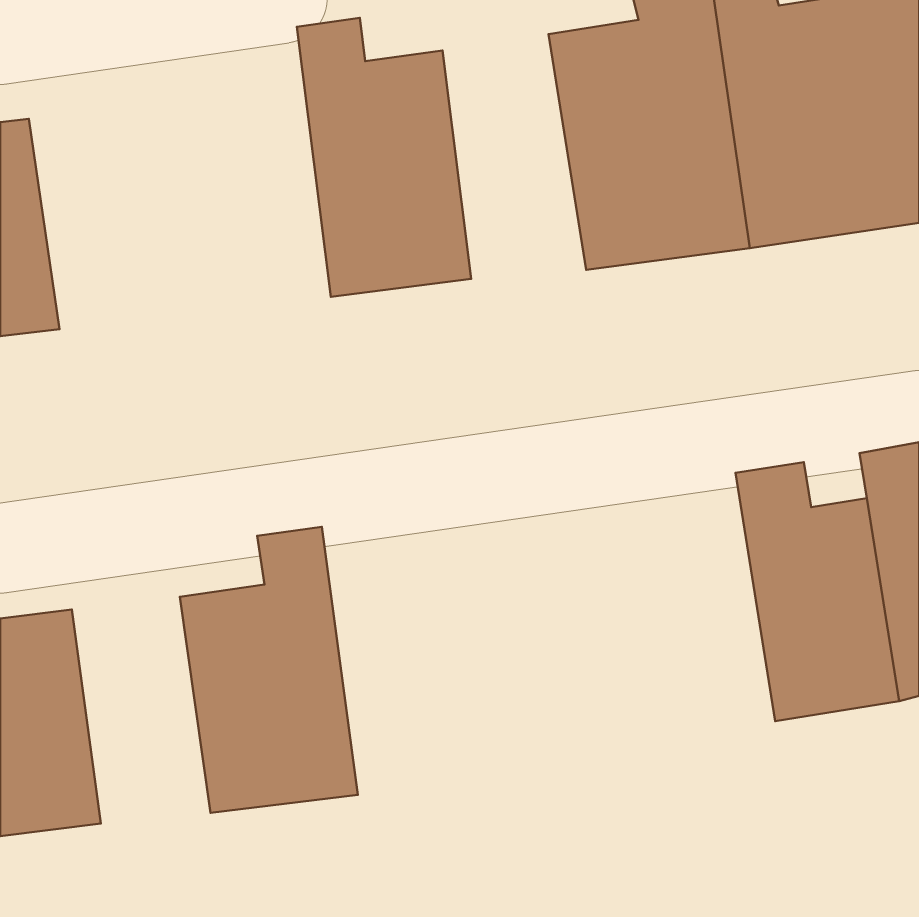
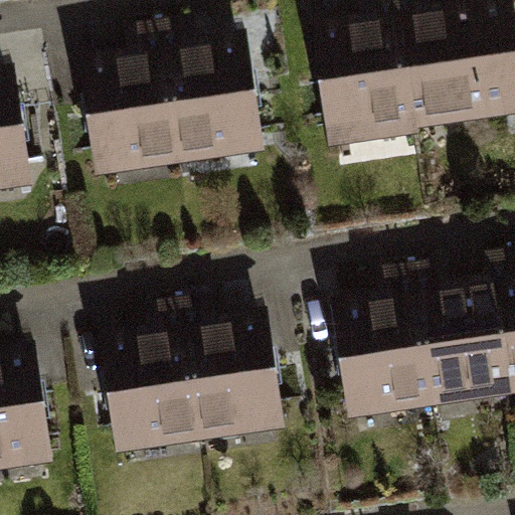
building: none -> [75,15,185,177]
building: none -> [329,265,434,416]
building: none -> [180,289,283,445]

